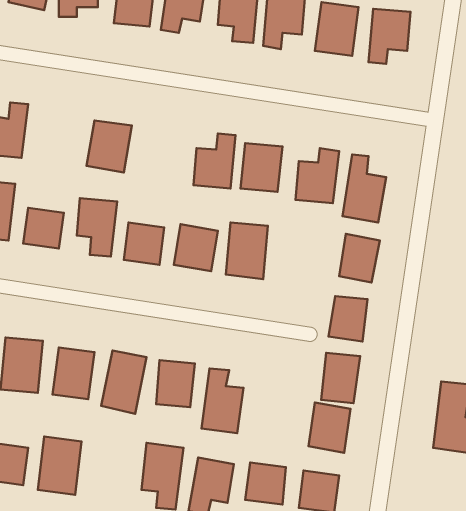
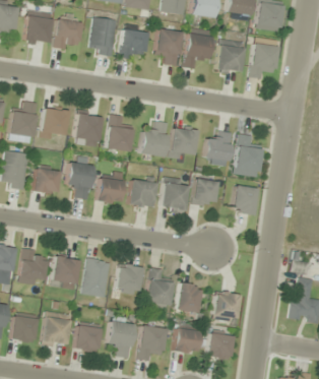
building: none -> [41,108,68,141]
building: none -> [106,115,132,152]
building: [329,296,367,341] -> [192,179,216,207]
building: [321,353,360,403] -> [176,283,200,315]
building: none -> [74,323,101,354]

